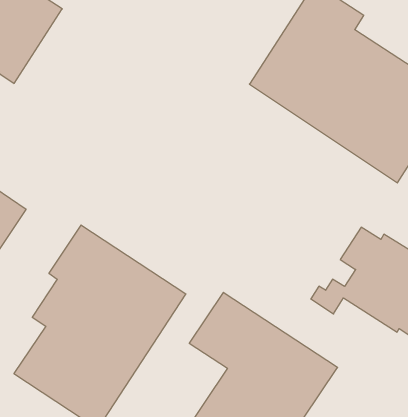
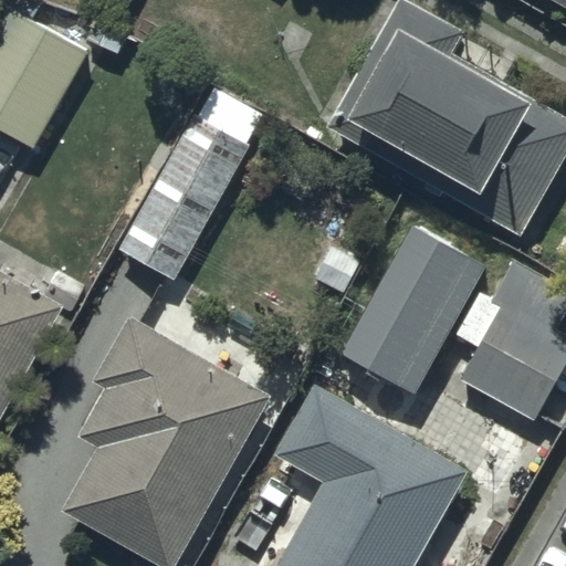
building: none -> [119,87,265,281]
building: none -> [342,223,486,391]

